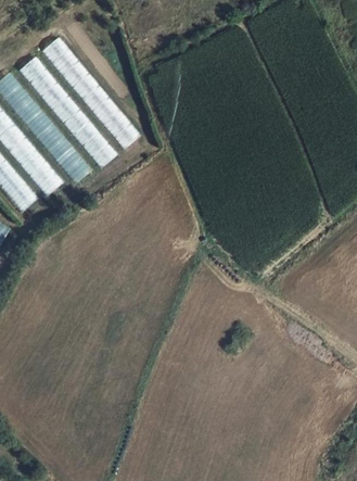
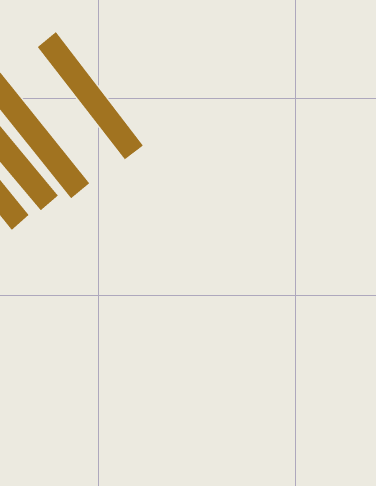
building: [20,55,116,168] -> none

